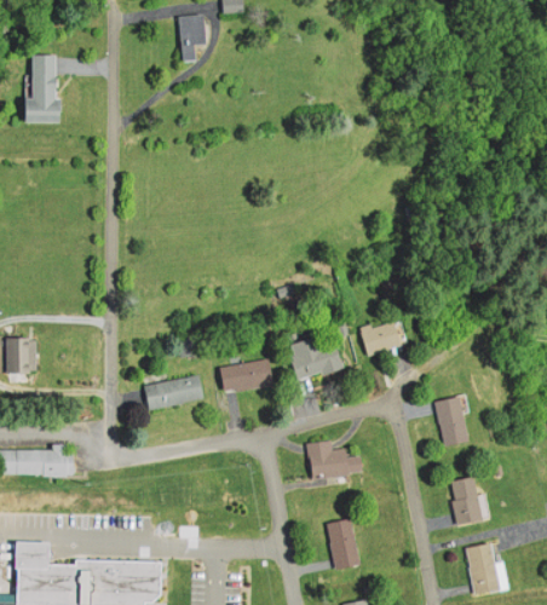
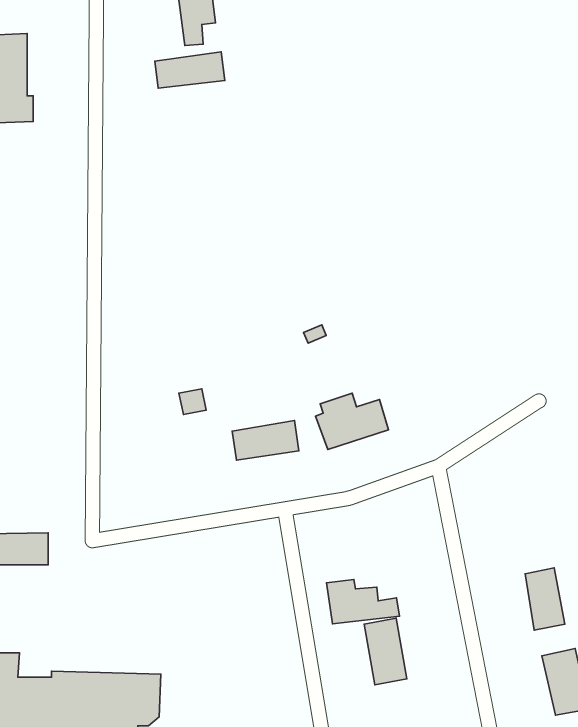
building: none -> [155,52,225,88]
building: [357,321,404,356] -> none
building: [144,374,203,409] -> none
building: [433,396,468,446] -> none
building: [306,442,364,477] -> [327,580,399,624]

